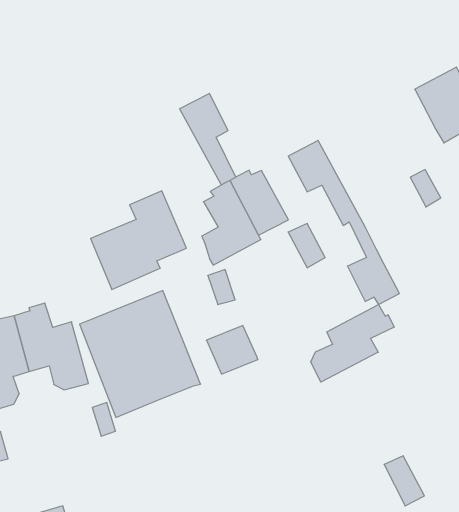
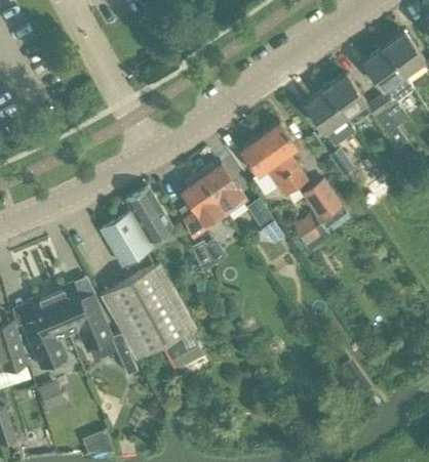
building: none -> [305,90,346,133]
building: [180,93,236,185] -> [260,123,308,190]
building: none -> [303,180,343,221]
building: [311,305,394,382] -> none
building: [206,326,258,374] -> [165,331,205,369]

